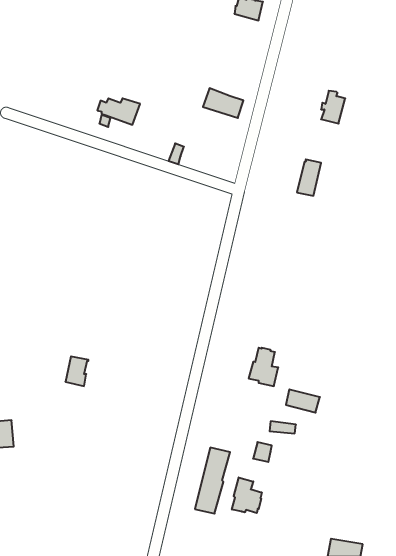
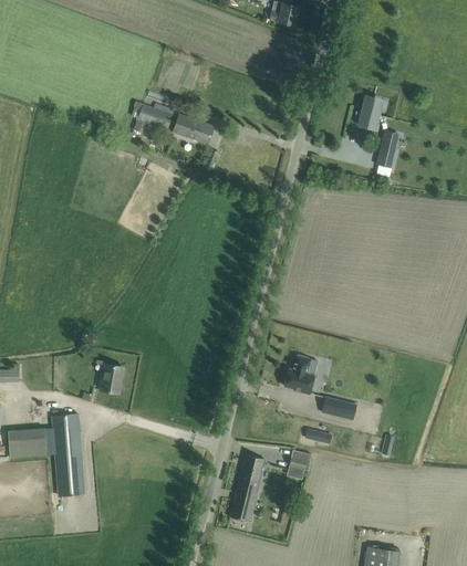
building: [203,88,243,118] -> [174,114,215,144]
building: [297,159,321,196] -> [376,132,401,168]
building: none -> [54,413,85,496]
building: [232,477,262,513] -> none

